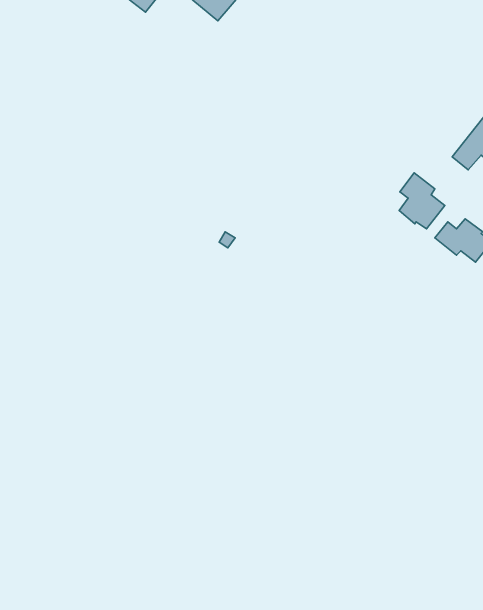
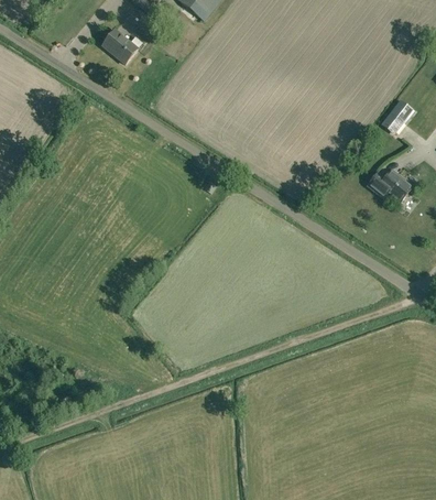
building: none -> [105,29,139,62]
building: [399,173,445,229] -> none

